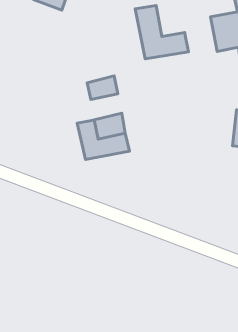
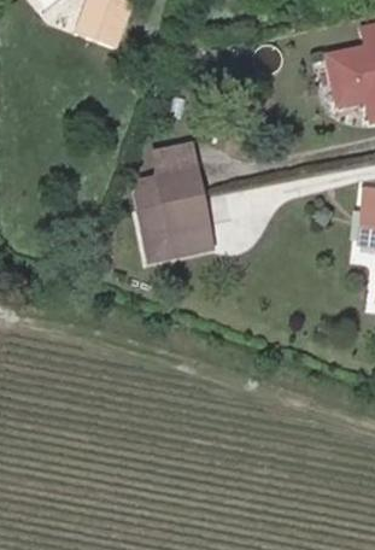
building: [135,5,189,59] -> none
building: none -> [134,166,201,209]

